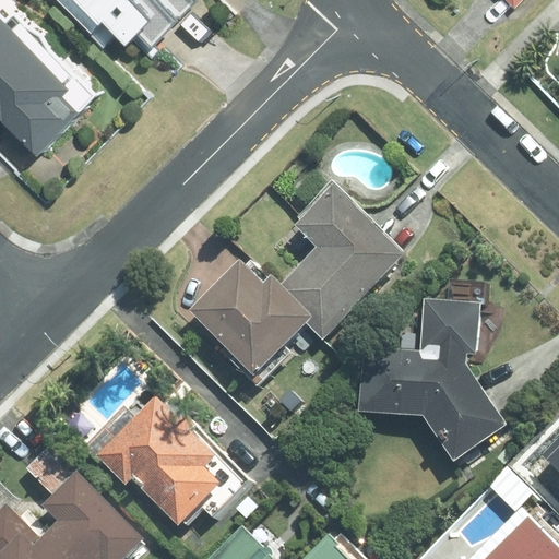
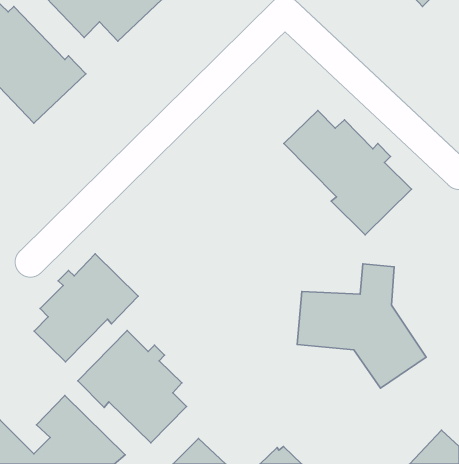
building: none -> [284,111,411,235]
building: [190,186,405,388] -> none
building: none -> [34,254,138,362]

